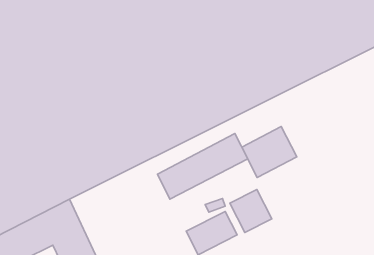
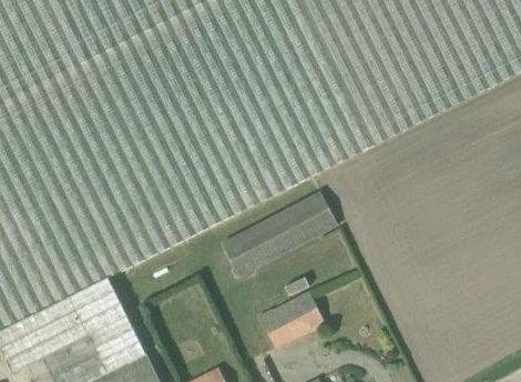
building: [242,127,297,177] -> none
building: [230,190,272,233] -> none

